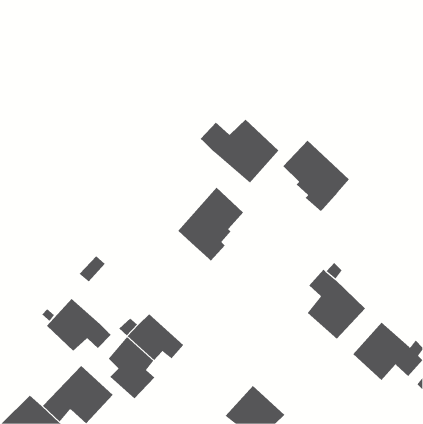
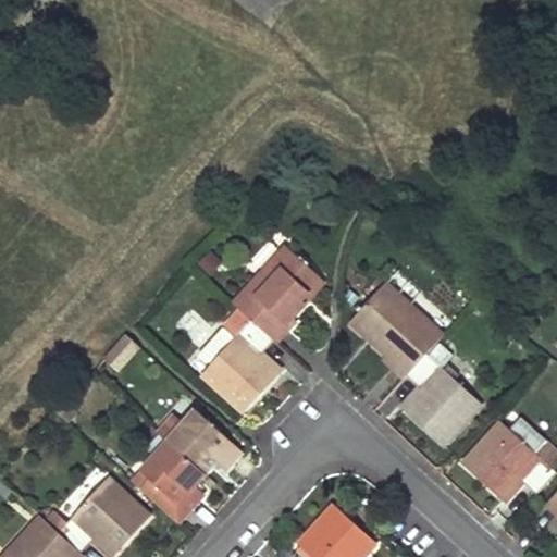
building: [200,119,279,184] -> none
building: [283,140,350,212] -> [351,283,440,377]
building: none -> [200,319,278,413]
building: [46,298,112,352] -> none

